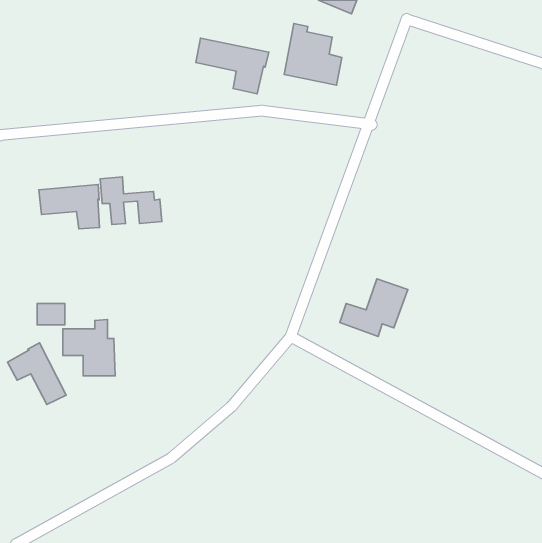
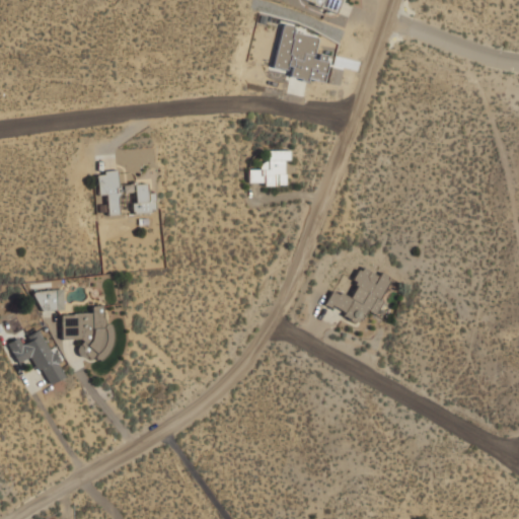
building: [196,38,269,94] -> none
building: none -> [249,150,289,186]
building: [39,184,100,229] -> none

